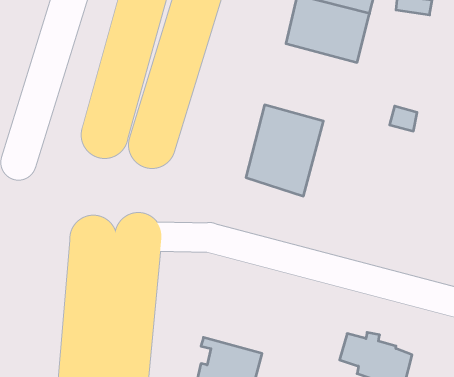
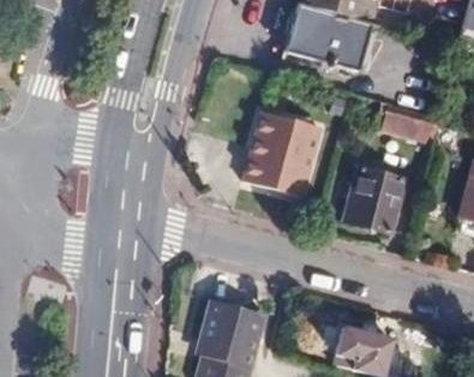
building: none -> [347,166,403,231]
building: none -> [205,301,269,348]

